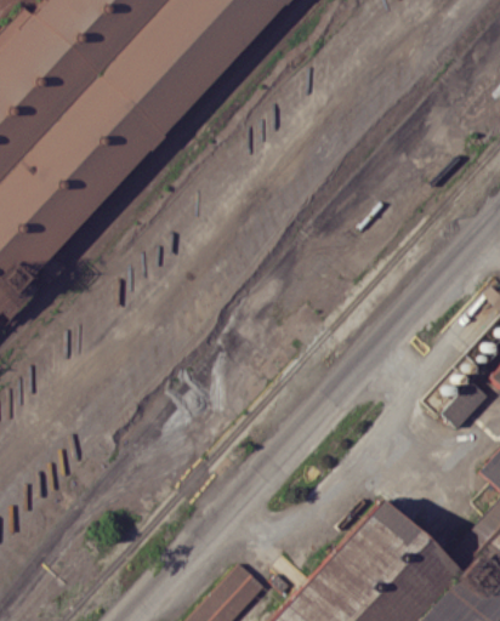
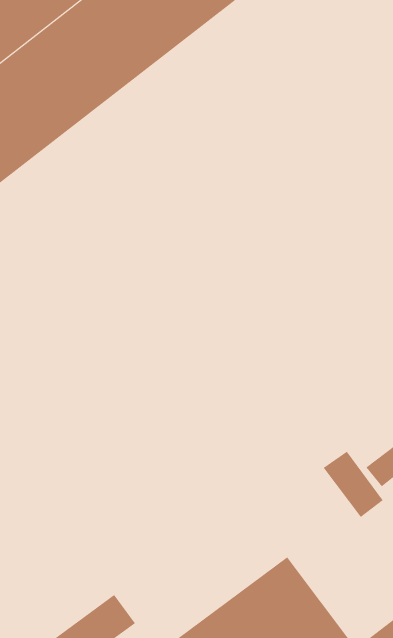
building: none -> [323,451,383,518]

